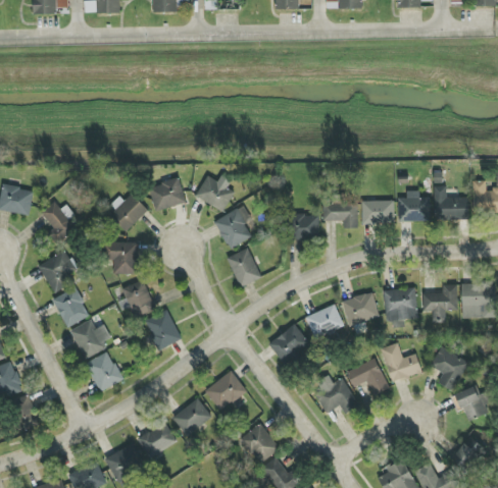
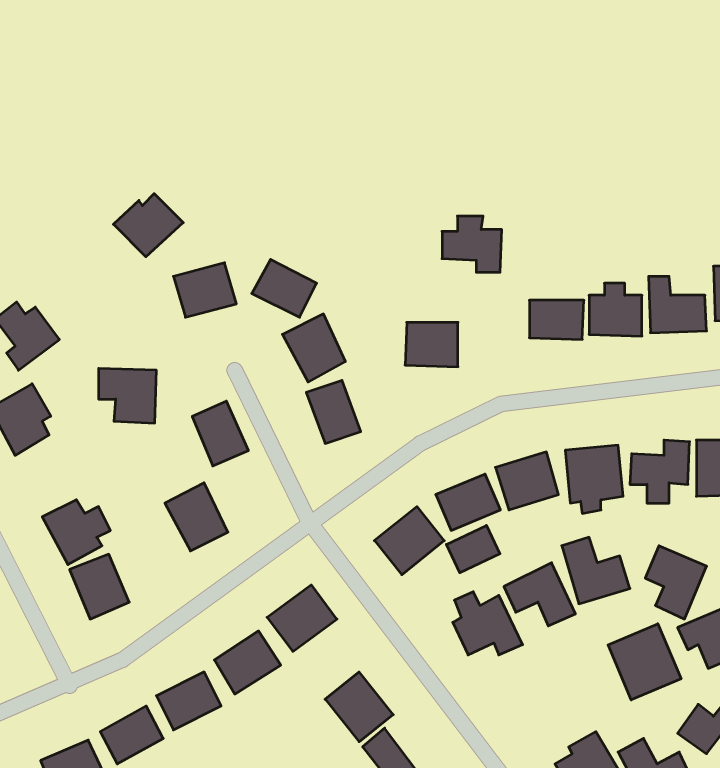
building: [106,194,148,231] -> [113,194,183,257]
building: [322,195,358,228] -> [442,216,502,272]
building: [122,279,156,318] -> [192,401,248,466]
building: [52,287,90,328] -> none
building: none -> [446,525,500,573]
building: none -> [608,624,681,700]

